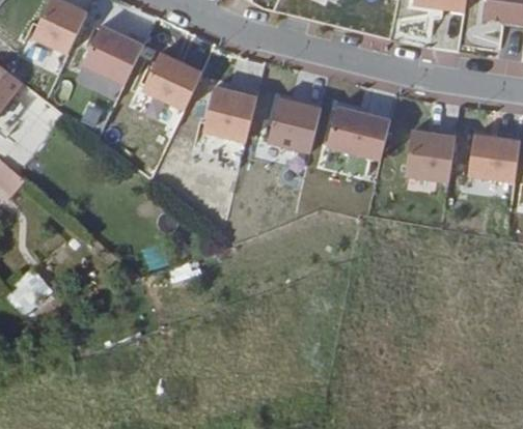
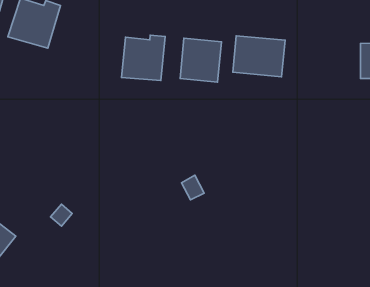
building: [140,53,199,110] -> none
building: [403,130,456,182] -> none

